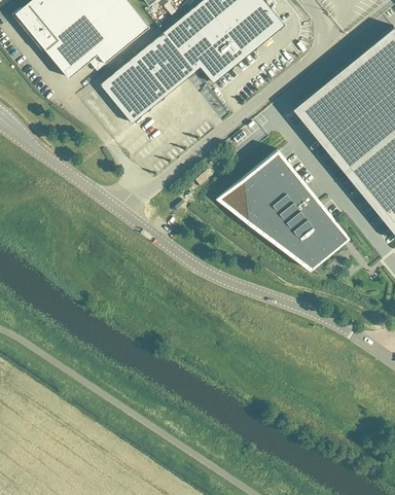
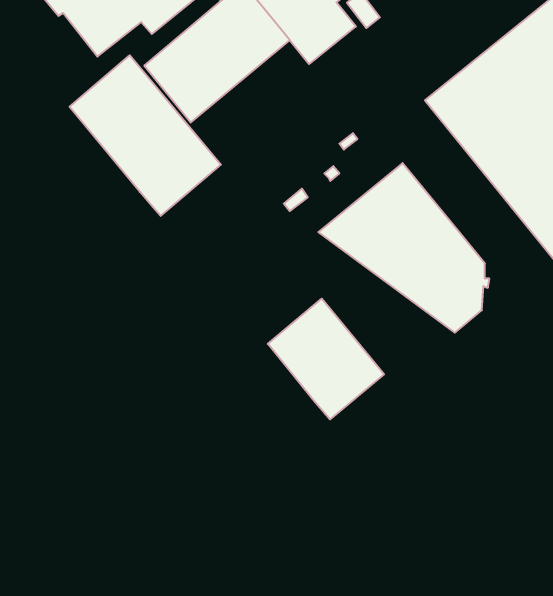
building: none -> [70,55,221,216]
building: none -> [268,299,384,419]

